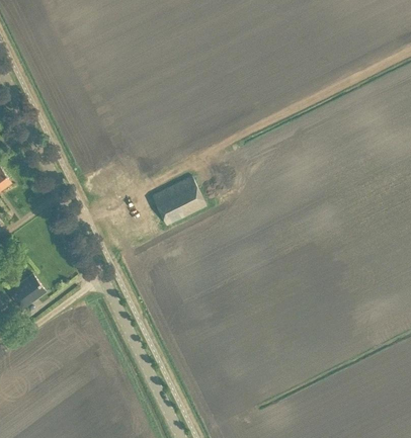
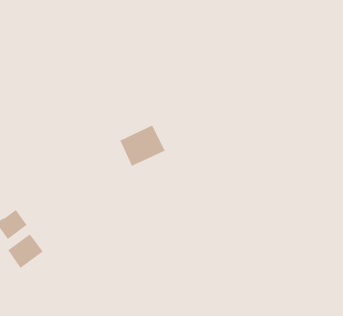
building: none -> [7,234,43,269]

